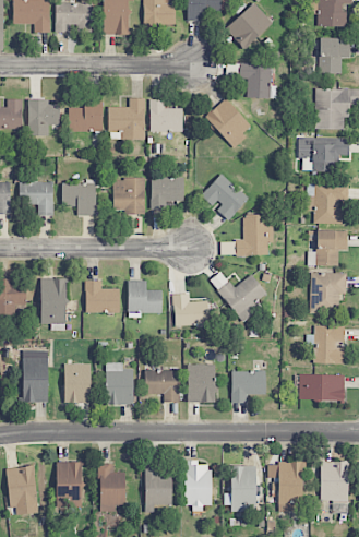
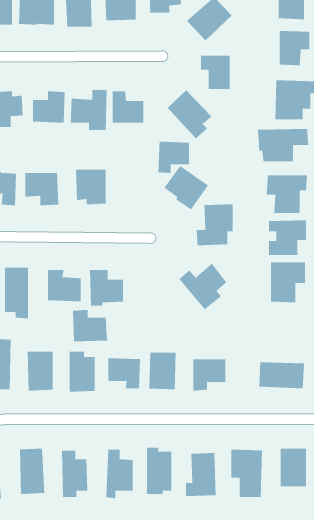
building: [151,177,183,210] -> [158,141,190,174]
building: [172,294,208,326] -> [72,310,108,342]
building: [313,325,344,365] -> none

